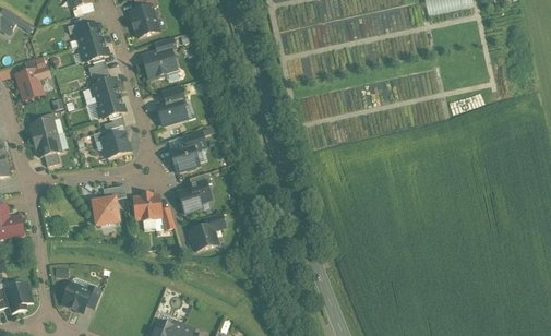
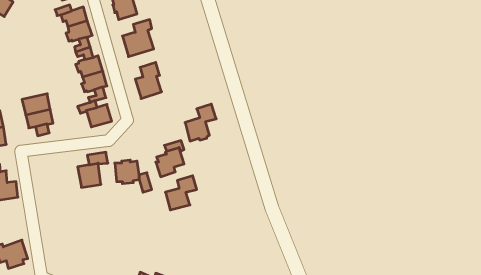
building: [17,65,53,99] -> none
building: [169,129,204,170] -> [185,104,216,141]
building: [62,285,93,314] -> none

